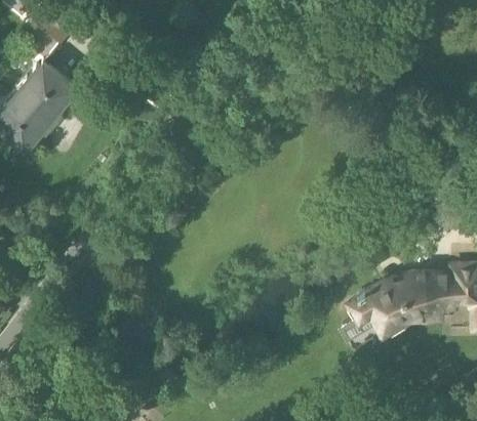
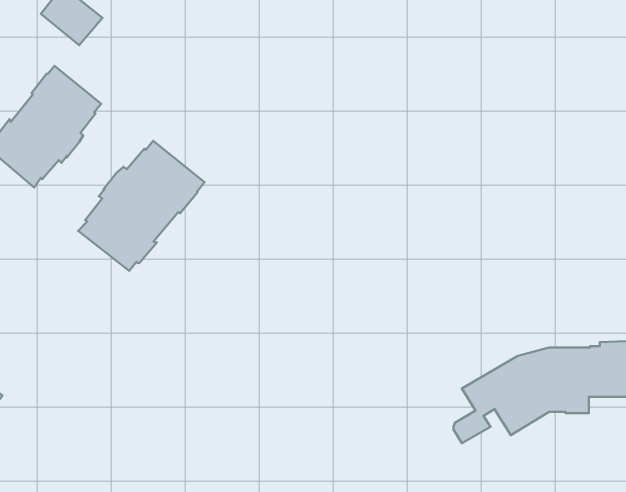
building: none -> [78,141,204,271]

